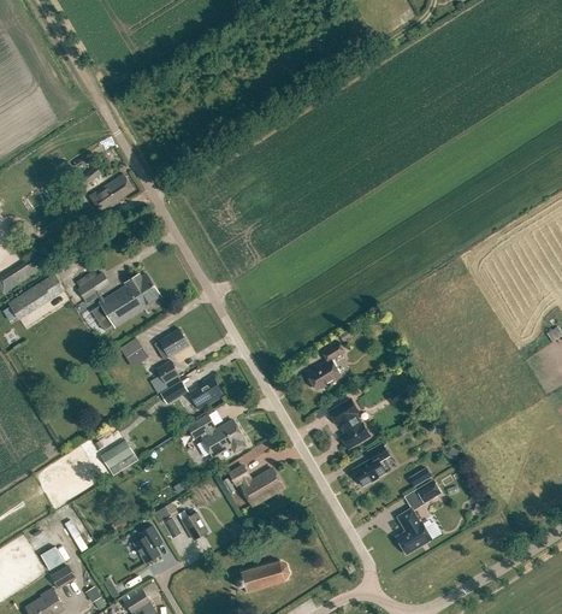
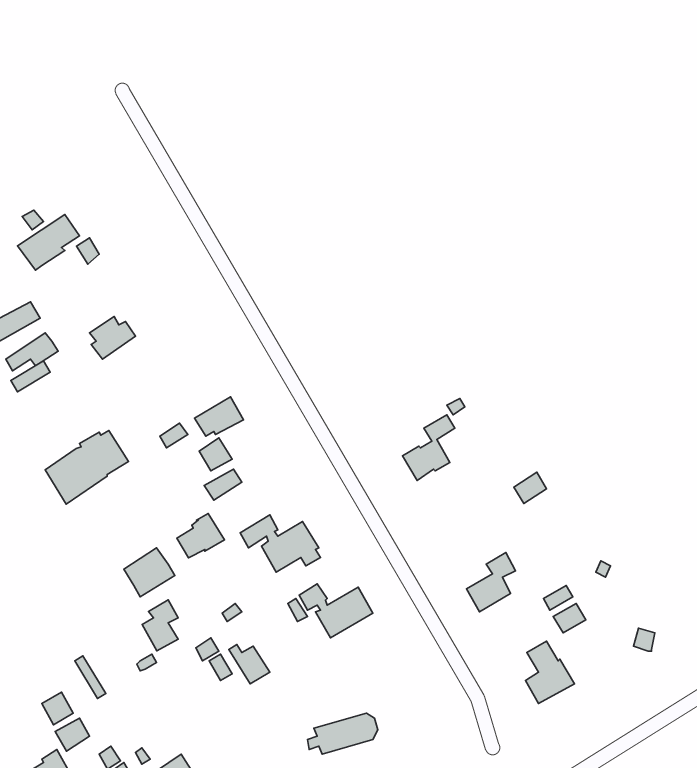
building: [88,175,134,216] -> [17,215,80,270]
building: [100,273,161,327] -> [45,430,129,504]
building: [189,376,224,408] -> [177,514,224,558]
building: [329,398,369,450] -> none
building: [134,525,160,562] -> [142,600,178,651]

